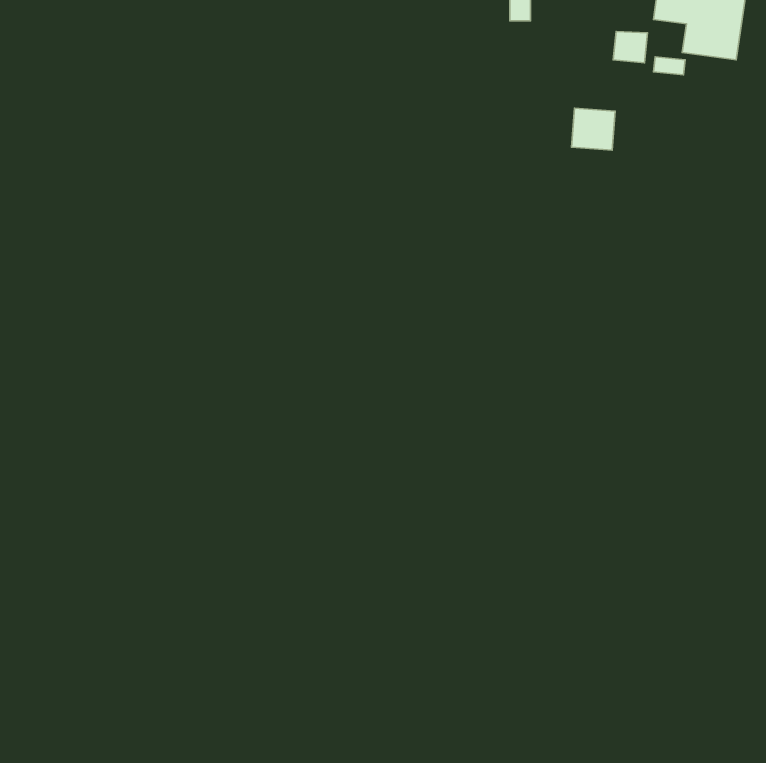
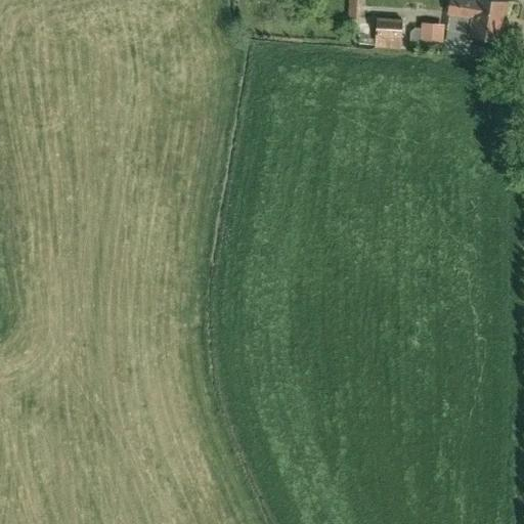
building: [572,108,615,150] -> [374,17,403,46]

